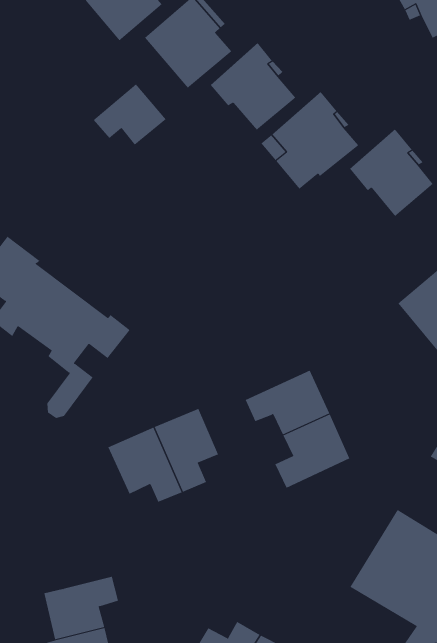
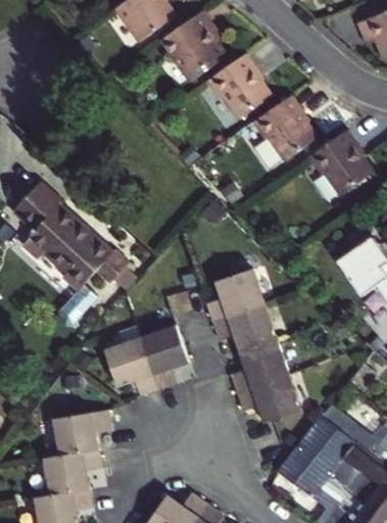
building: [93,83,167,146] -> none
building: none -> [205,269,263,323]
building: none -> [237,375,300,424]
building: none -> [54,410,110,455]

